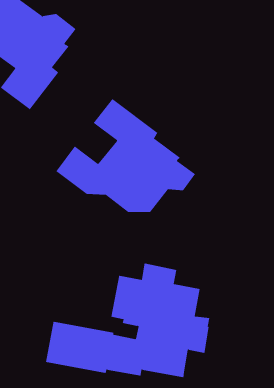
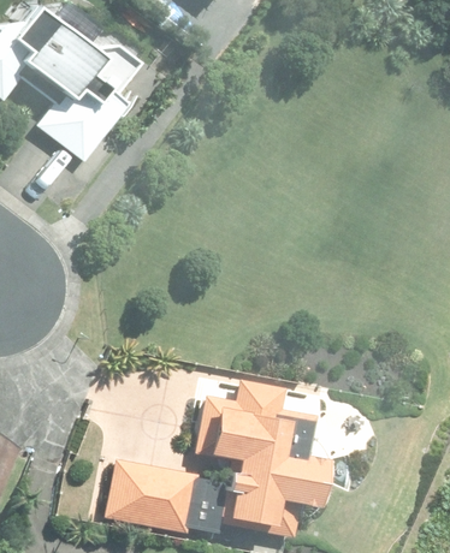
building: [55,98,196,213] -> none

